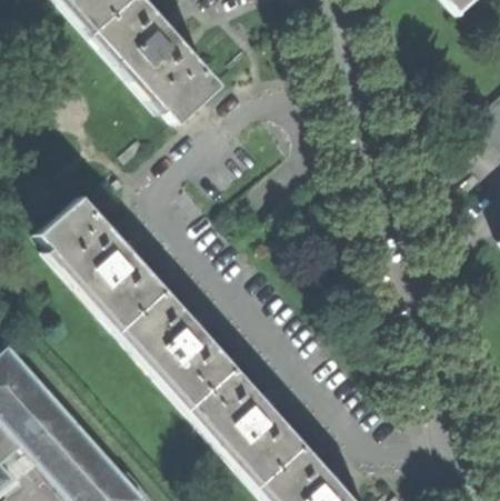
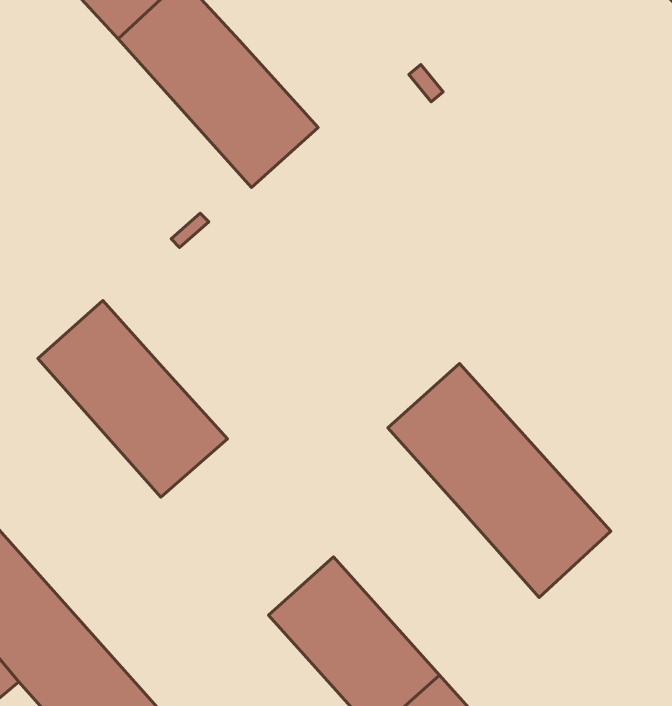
building: none -> [388,363,611,597]
building: [116,288,228,402] -> none

